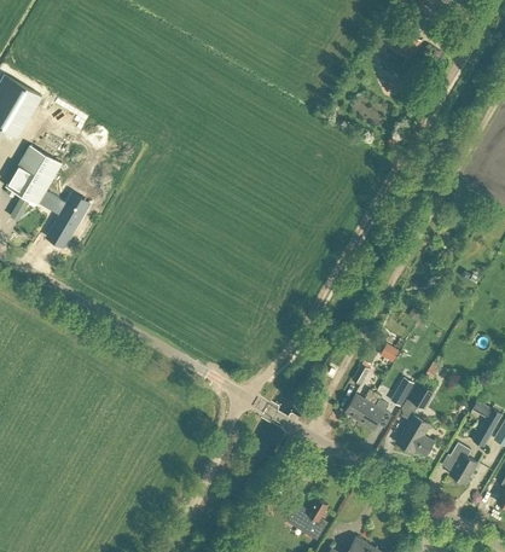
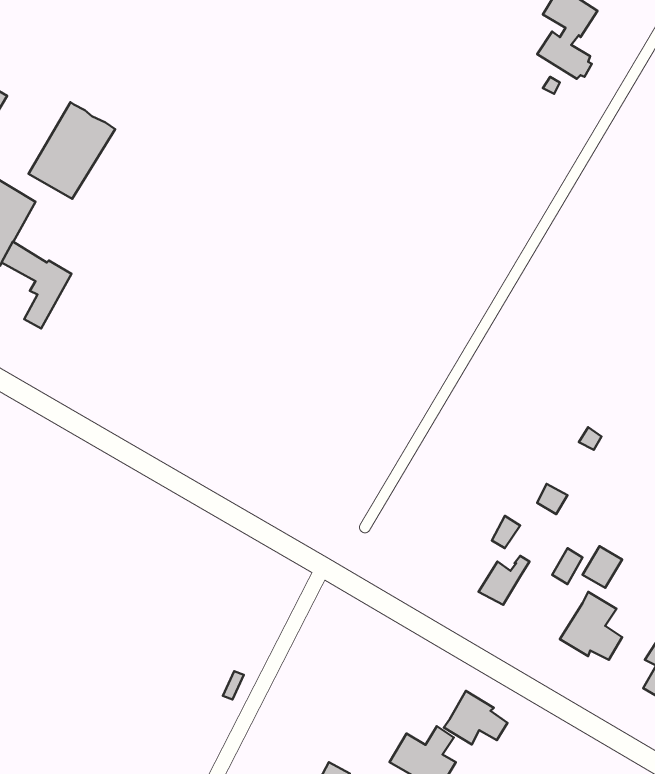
building: none -> [28,102,115,199]
building: [359,393,391,429] -> none
building: none -> [444,691,508,744]

